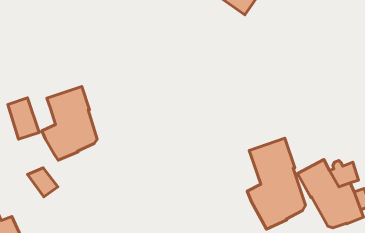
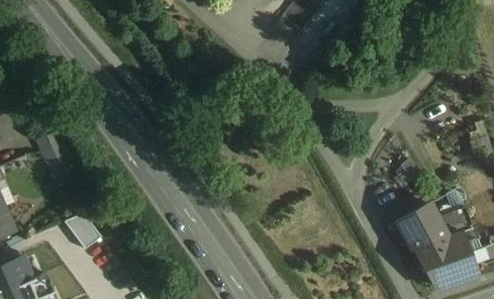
building: [42,86,97,160] -> none
building: [247,138,305,229] -> none

